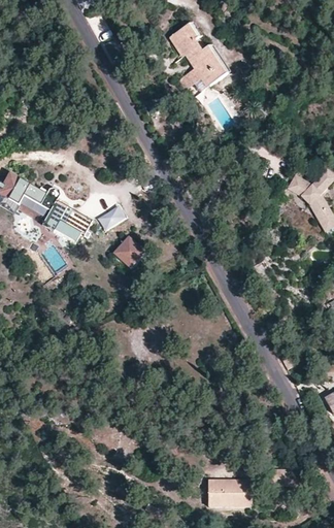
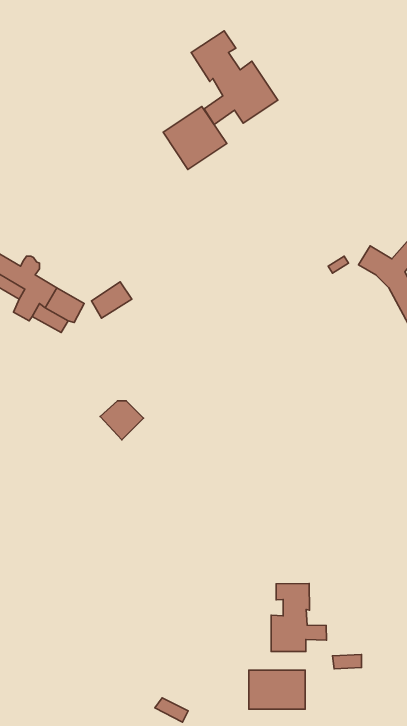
building: none -> [163,106,227,169]
building: [110,239,141,267] -> [100,401,144,440]
building: none -> [271,583,327,652]

